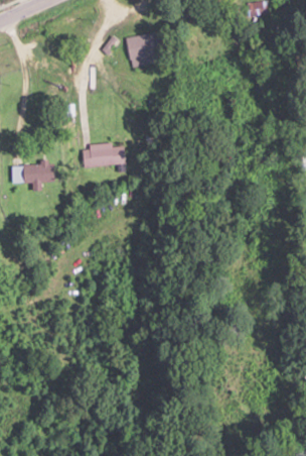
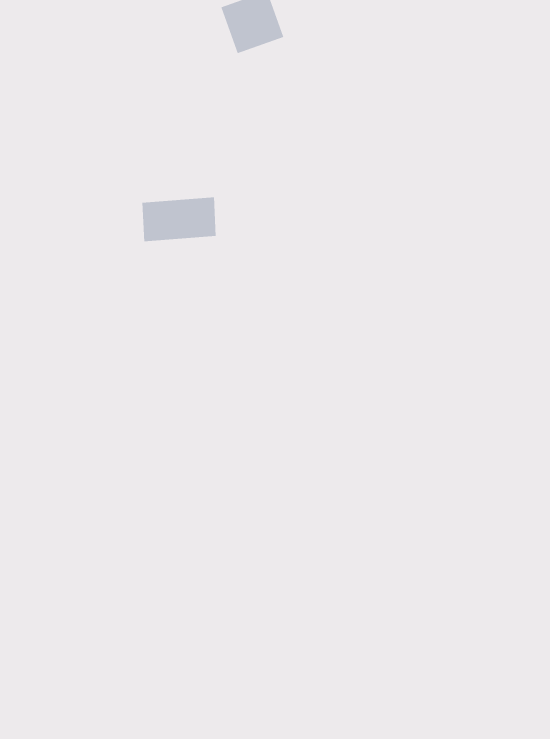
building: [11,164,52,183] -> none

